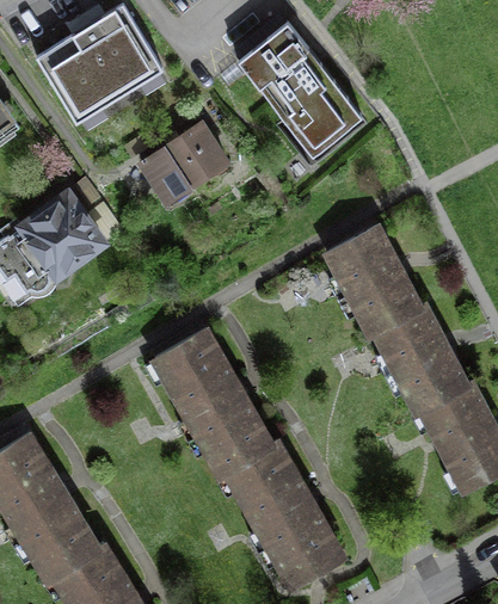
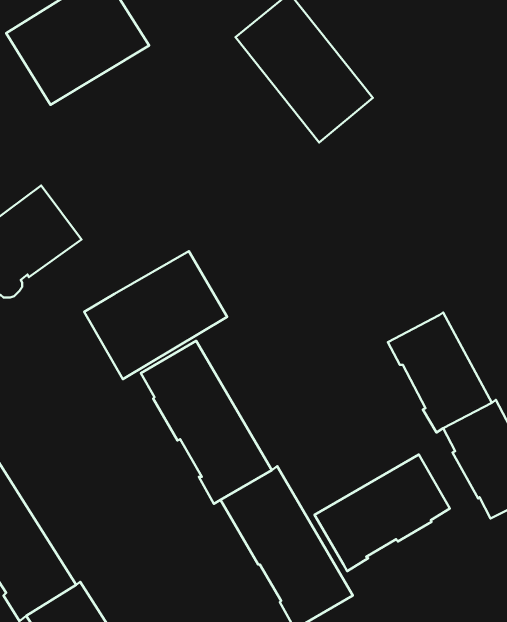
building: [141,124,226,202] -> none
building: [327,228,419,334] -> none
building: none -> [84,251,227,379]
building: none -> [314,455,450,571]

